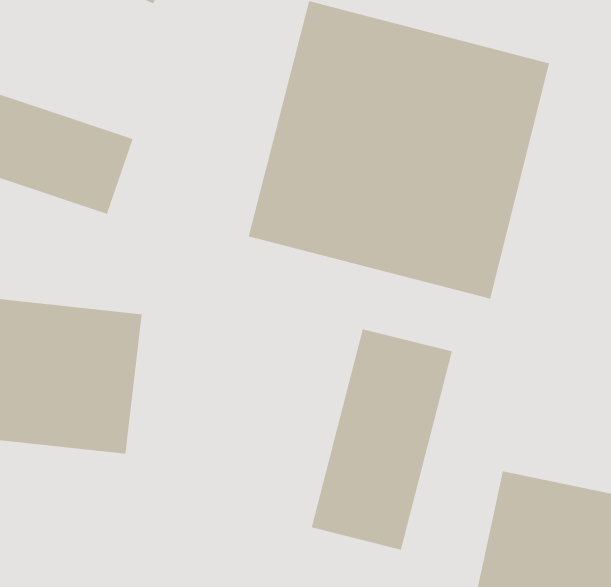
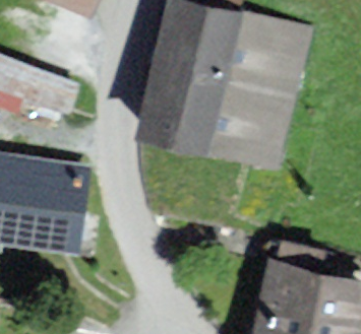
building: [311,328,453,550] -> none

